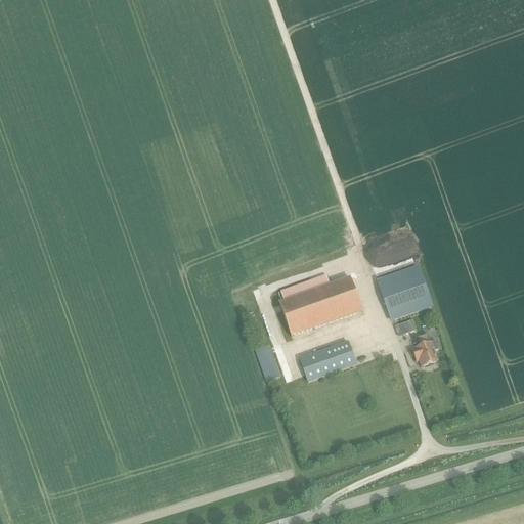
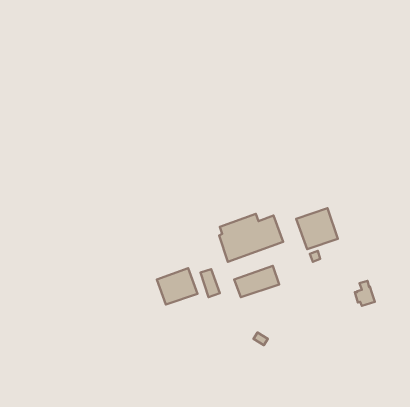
building: [411,333,437,364] -> [355,281,375,306]
building: none -> [157,268,197,304]

